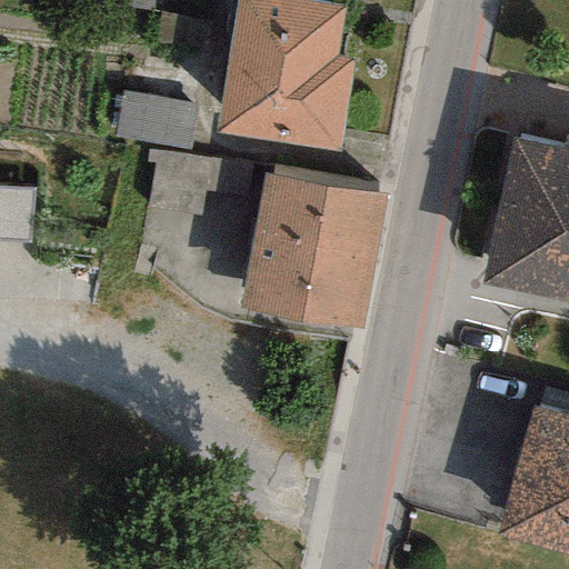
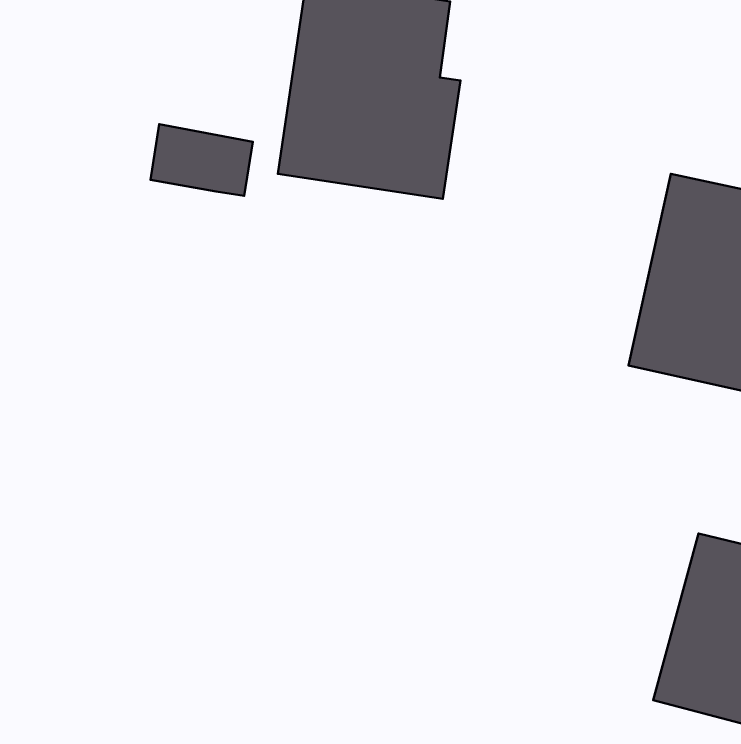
building: [242,176,389,328] -> none

